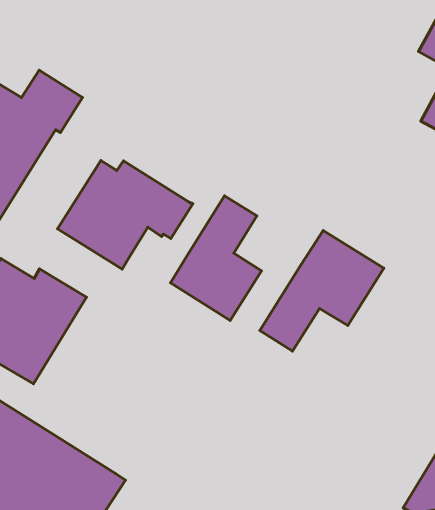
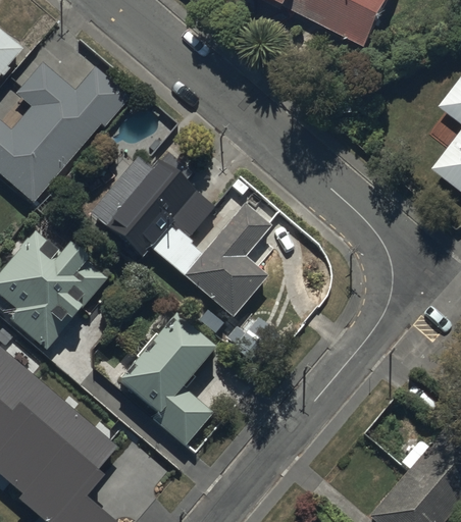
building: none -> [150,224,204,277]
building: [260,230,384,351] -> none
building: none -> [119,318,215,446]

